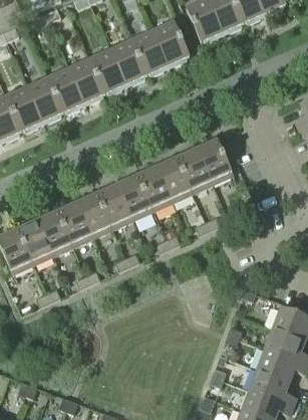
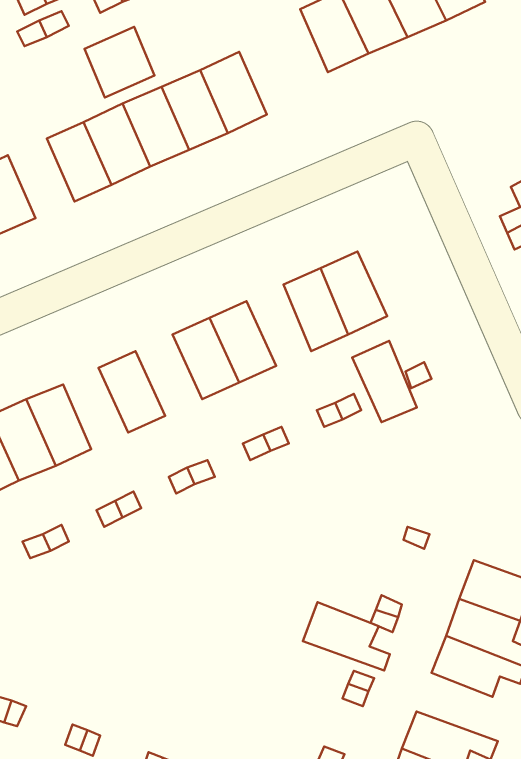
building: none -> [84,27,155,97]
building: [152,21,189,64] -> none
building: [27,77,63,121] -> none
building: [157,157,192,201] -> [352,341,417,422]
building: [96,184,132,228] -> none
building: [57,202,92,246] -> none
building: [249,368,296,405] -> [303,602,390,671]

